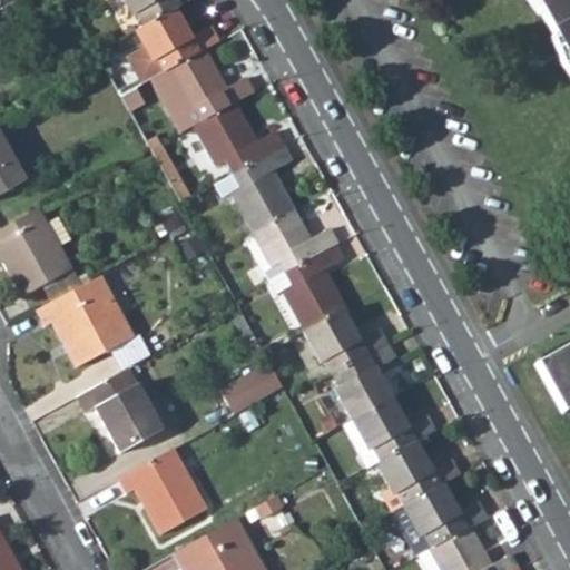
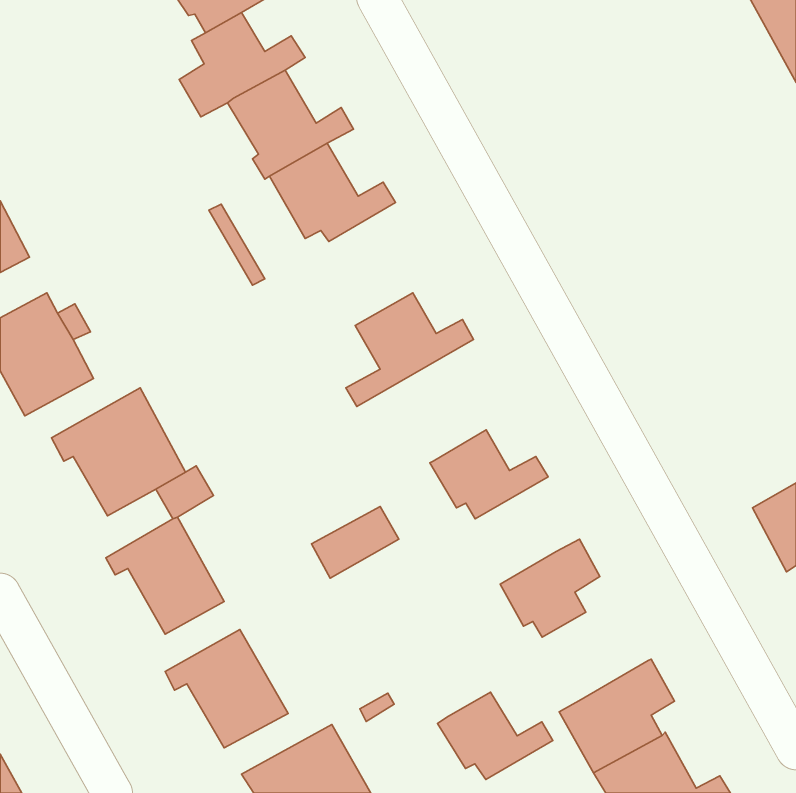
building: [229,145,295,233] -> none
building: [255,244,347,330] -> none
building: [340,341,401,417] -> none
building: [381,438,463,500] -> [438,692,553,779]

